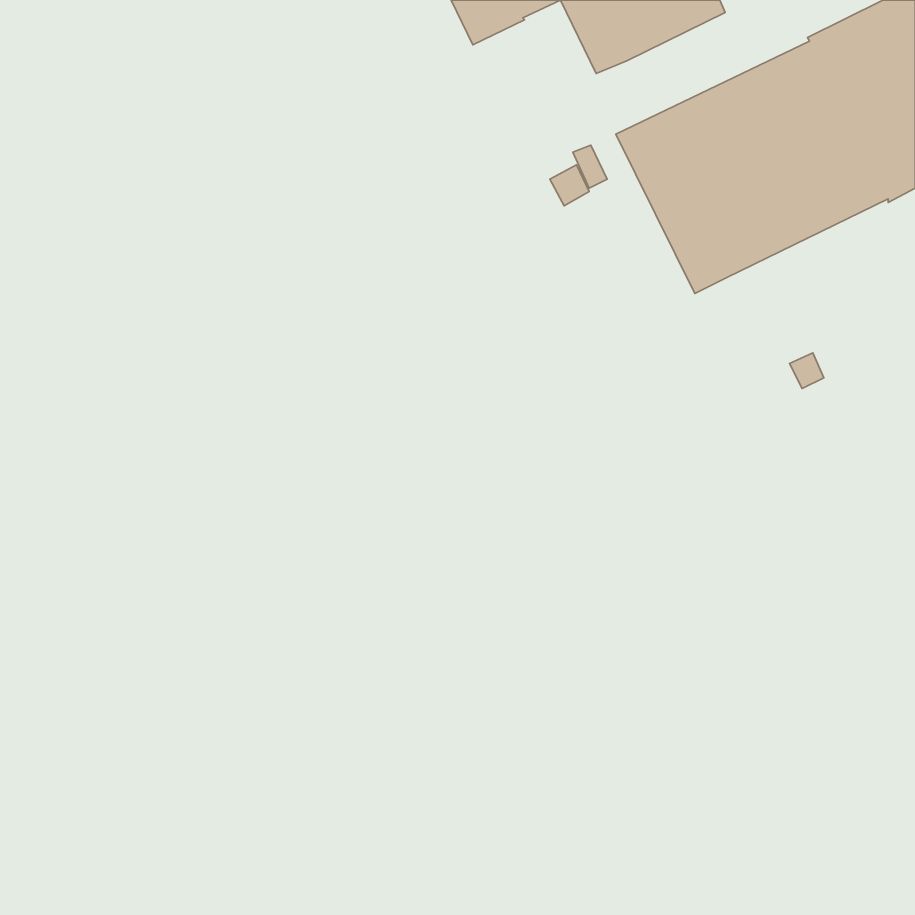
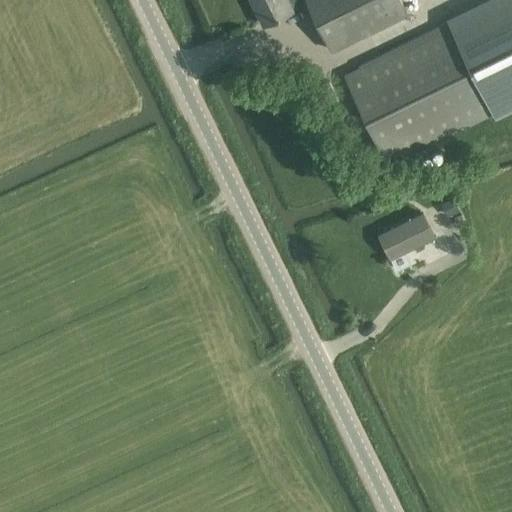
building: none -> [379,213,434,257]

